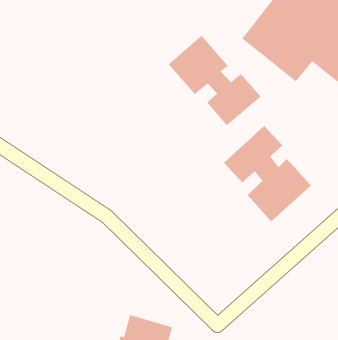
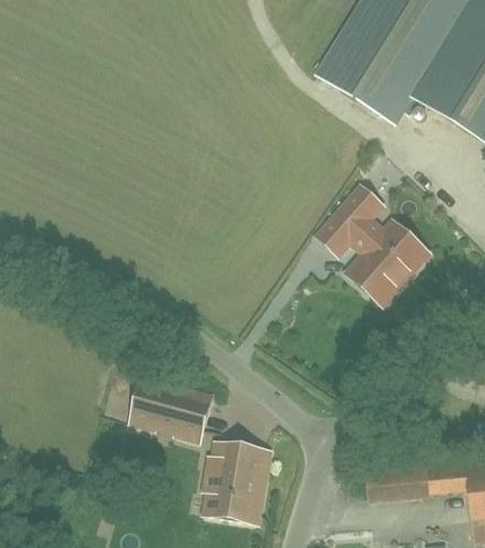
building: [168,35,261,126] -> none
building: none -> [127,376,212,442]

